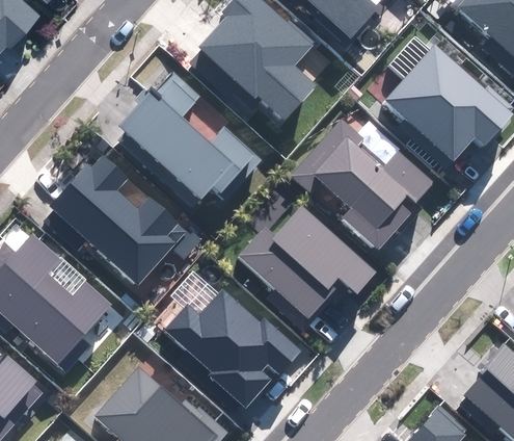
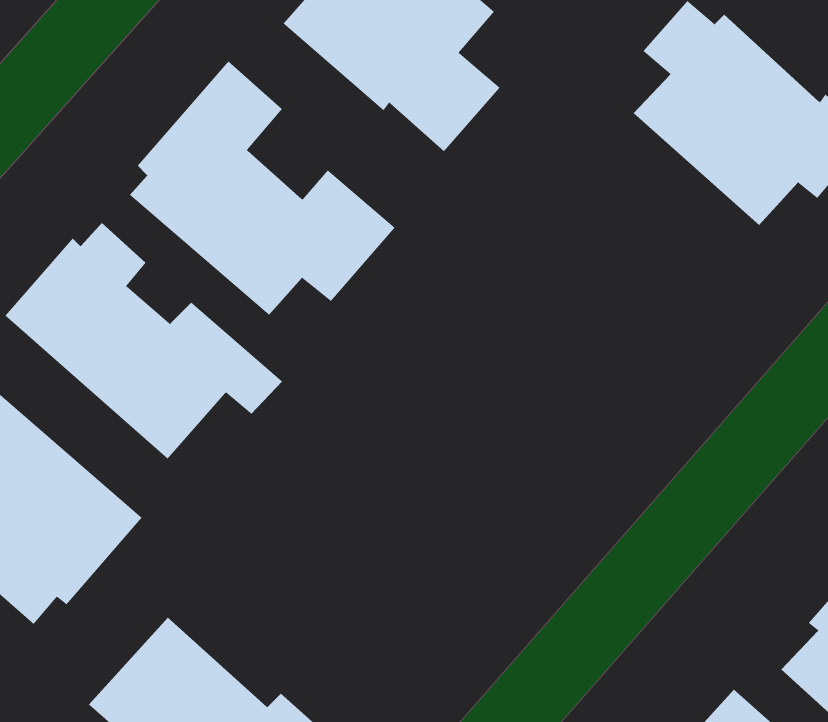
building: [292,121,433,252] -> none
building: [241,207,375,331] -> none
building: [165,292,301,407] -> none

